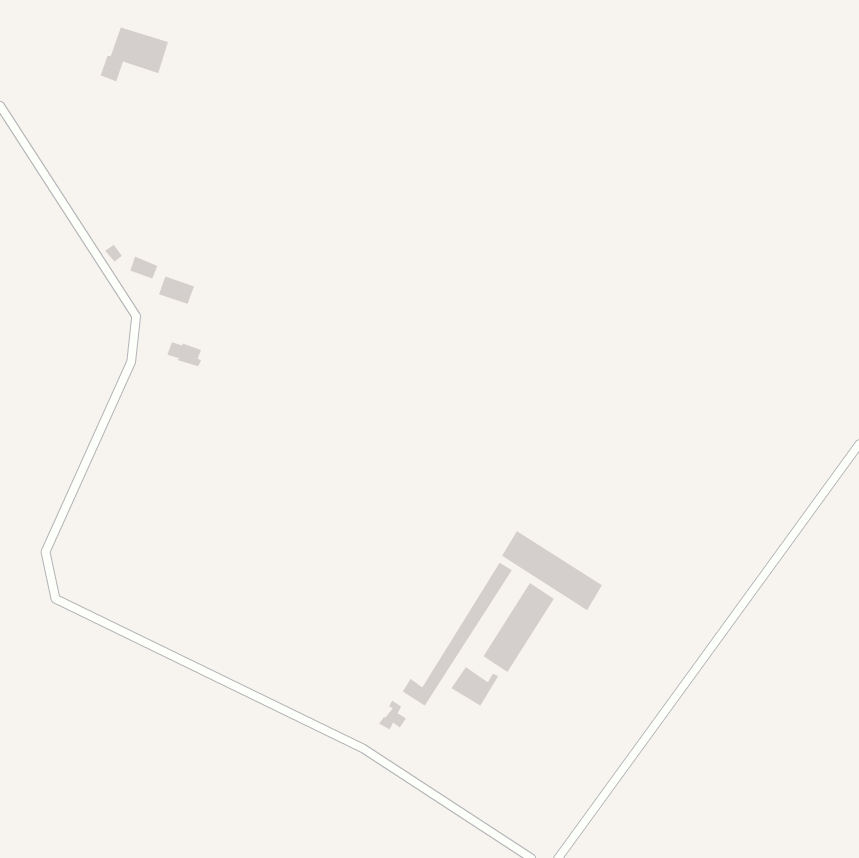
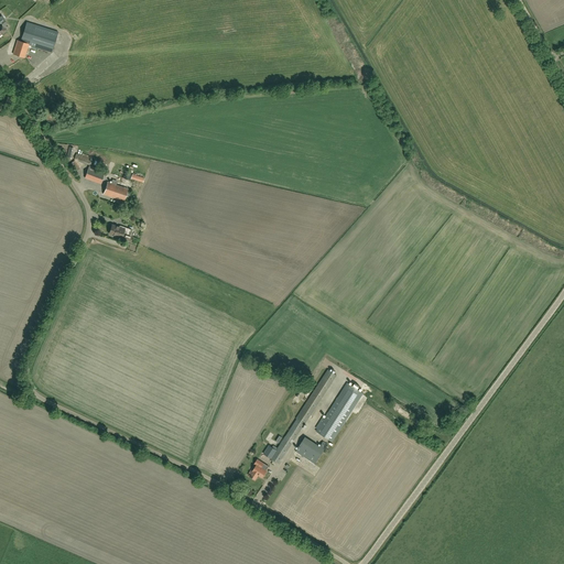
building: [100,27,169,82] -> [13,21,58,57]
building: [501,530,603,611] -> none

